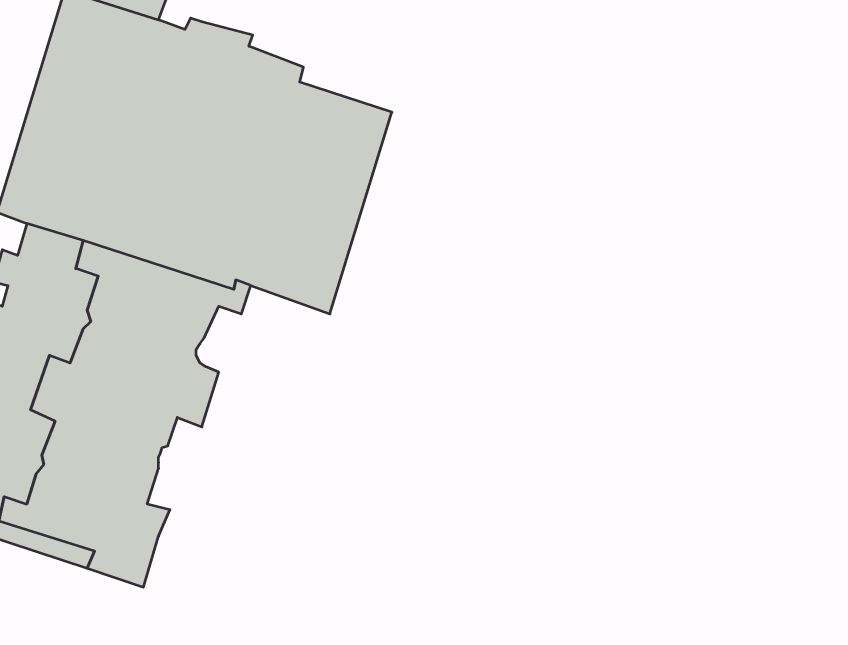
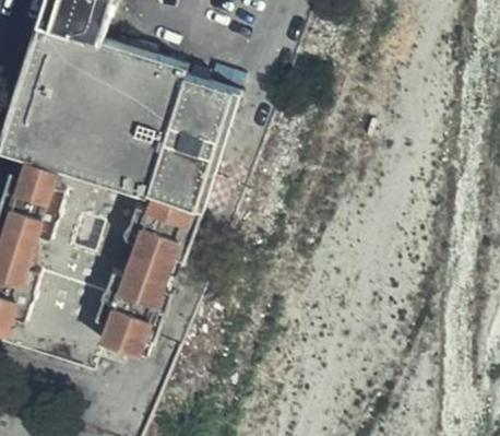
building: none -> [91,192,197,351]

